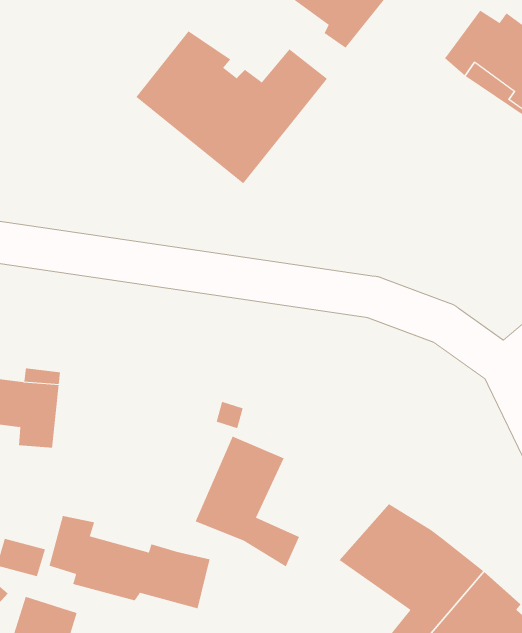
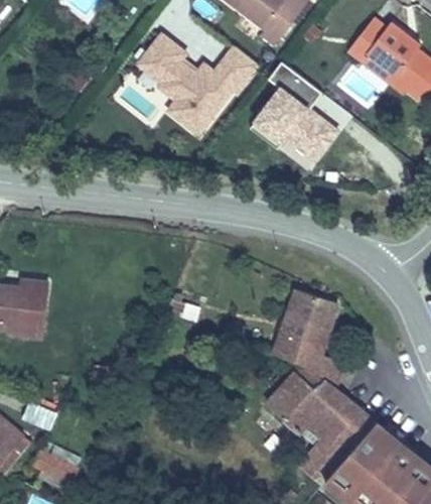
building: none -> [251,58,342,160]
building: [195,436,300,567] -> [272,298,348,394]
building: [49,515,210,609] -> none

